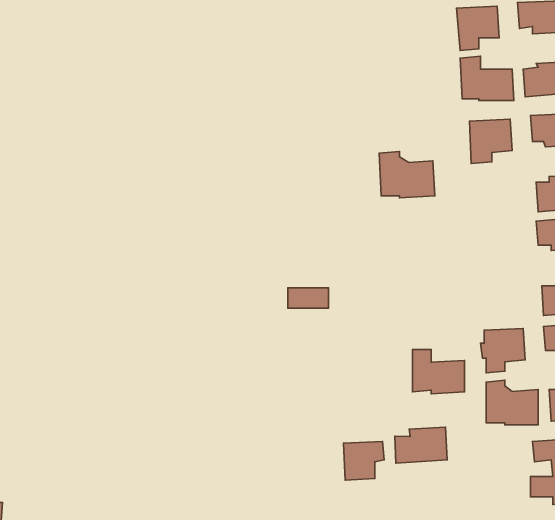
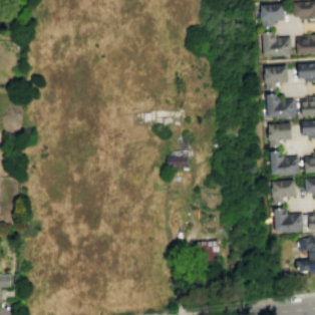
building: [379,151,435,198] -> [266,93,296,118]
building: none -> [269,122,292,146]
building: [413,349,465,394] -> [271,150,299,175]
building: [395,427,447,463] -> none

